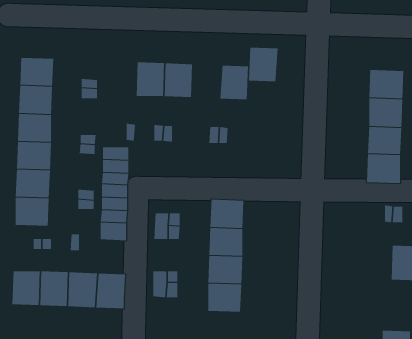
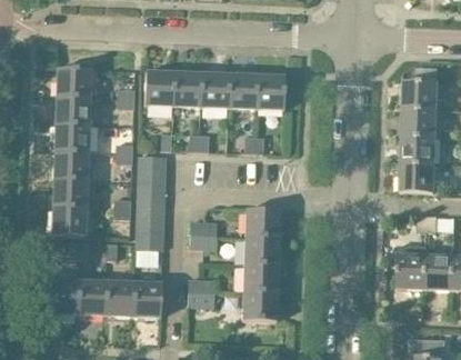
building: [248,47,278,82] -> [228,73,258,108]
building: none -> [144,70,173,106]
building: none -> [398,253,427,288]

